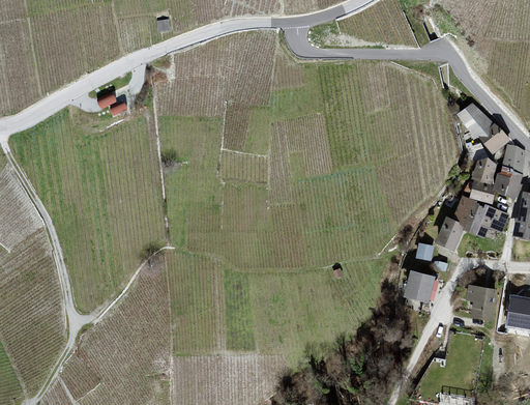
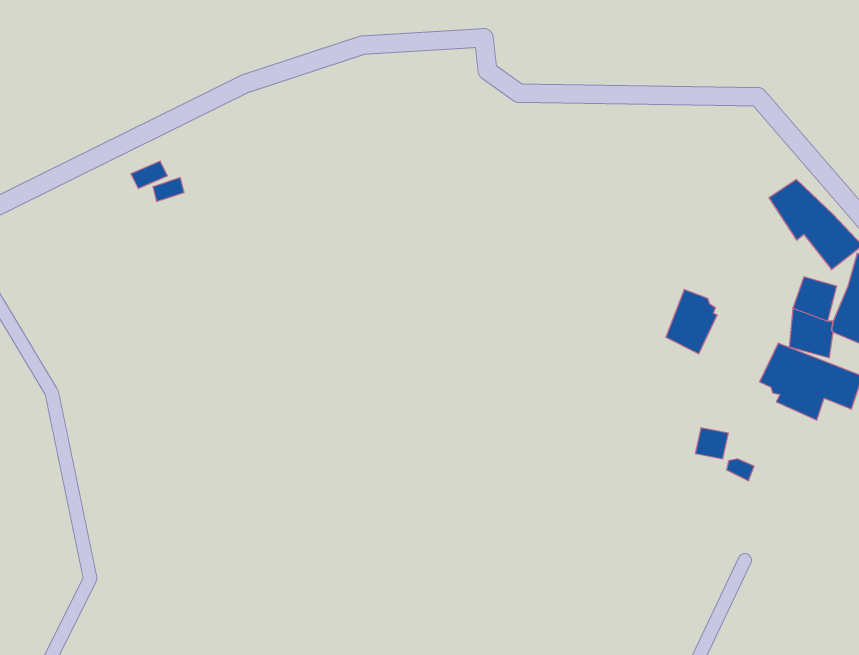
building: [435,215,464,252] -> [666,289,717,354]
building: [402,267,436,303] -> none
building: [466,284,497,319] -> none

